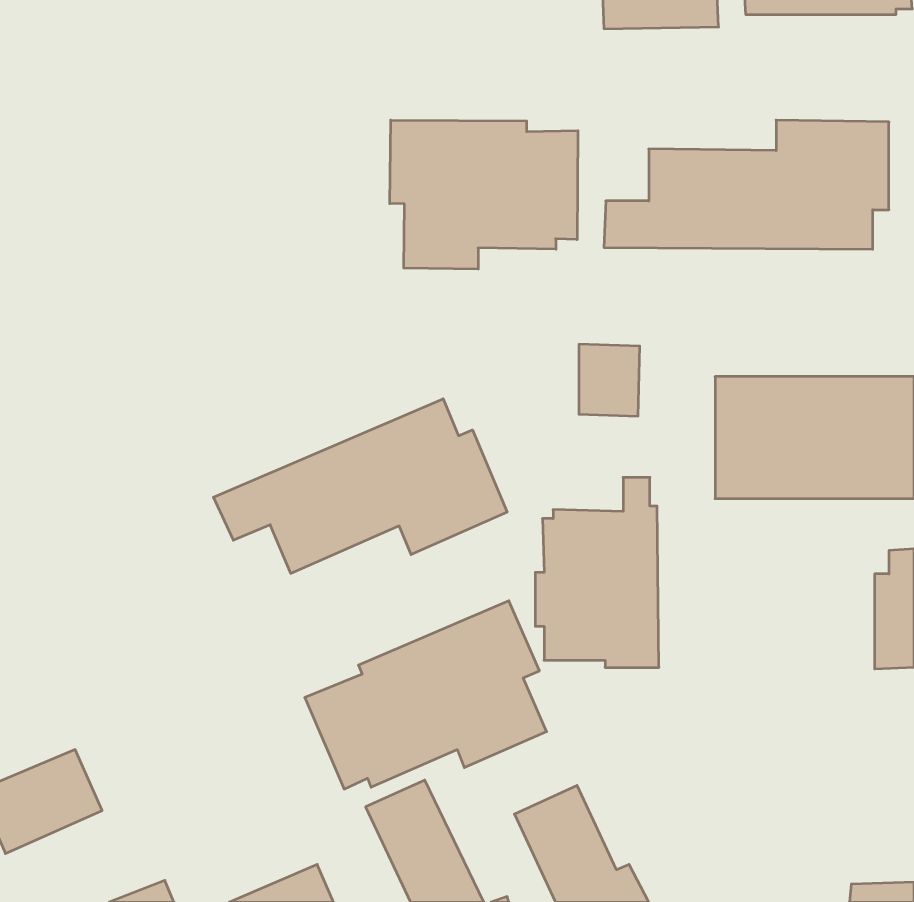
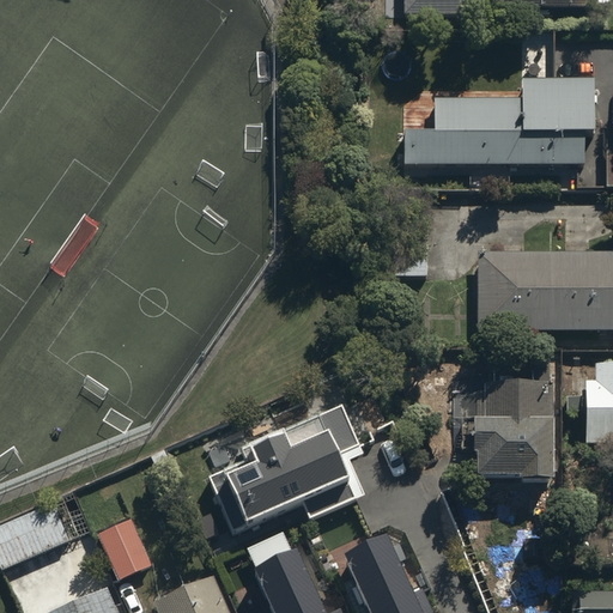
building: [390,120,578,269] -> none
building: [213,399,507,573] -> none
building: [535,477,659,667] -> [472,364,554,491]
building: none -> [96,515,152,581]

